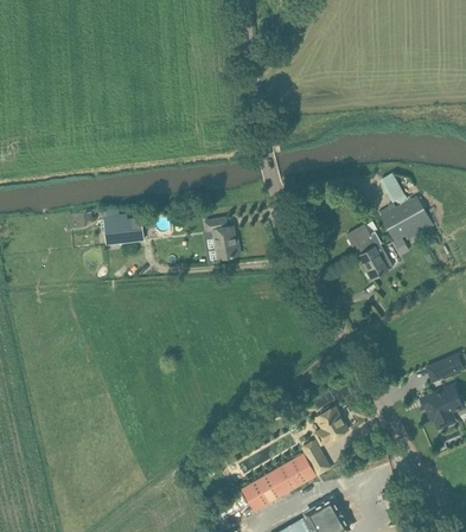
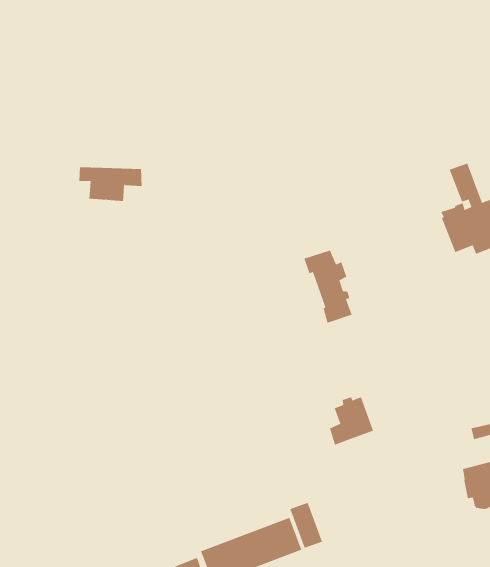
building: [204,218,241,259] -> none
building: [346,225,389,280] -> [303,250,353,324]
building: [315,406,349,446] -> [329,396,374,445]

